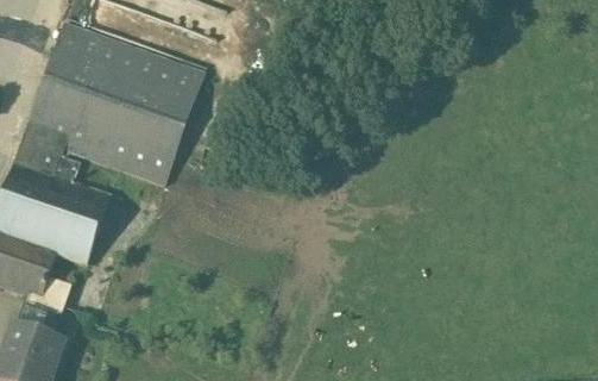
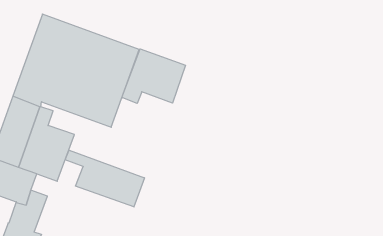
building: none -> [122,49,186,103]
building: none -> [65,150,144,207]

